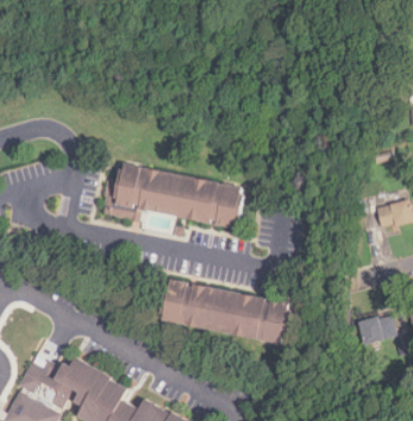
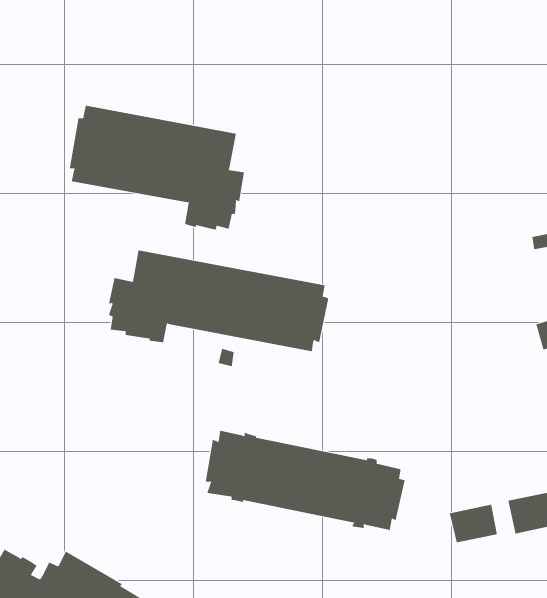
building: none -> [69,105,244,230]
building: none -> [449,504,498,543]

